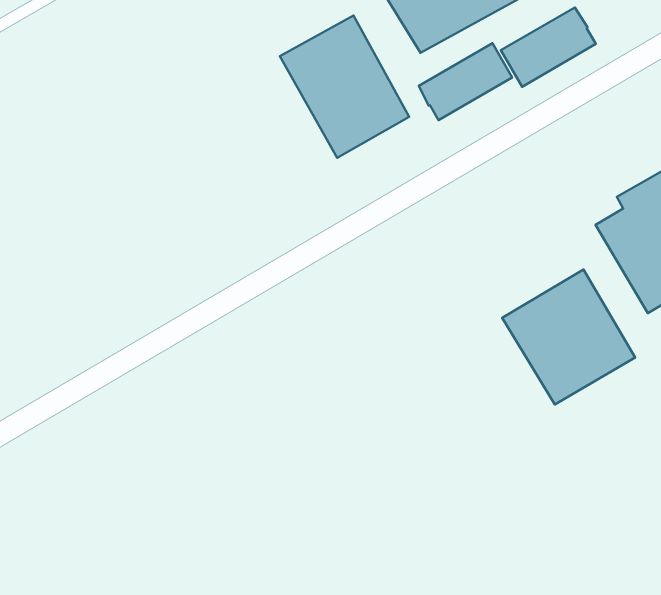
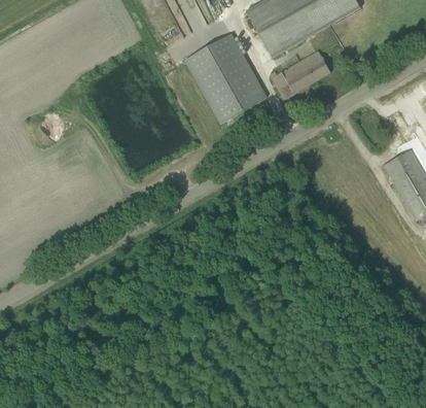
building: [501,7,596,87] -> none
building: [502,270,635,404] -> none

